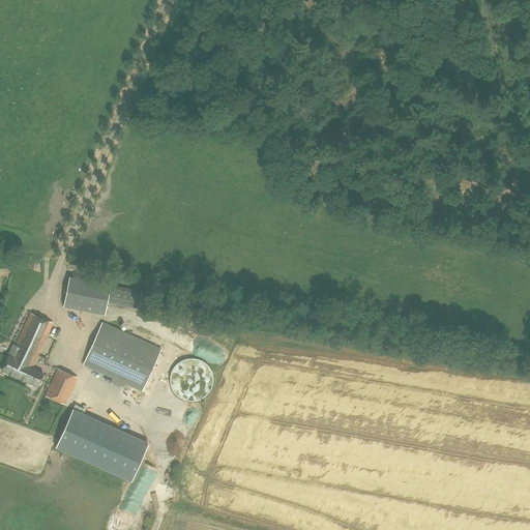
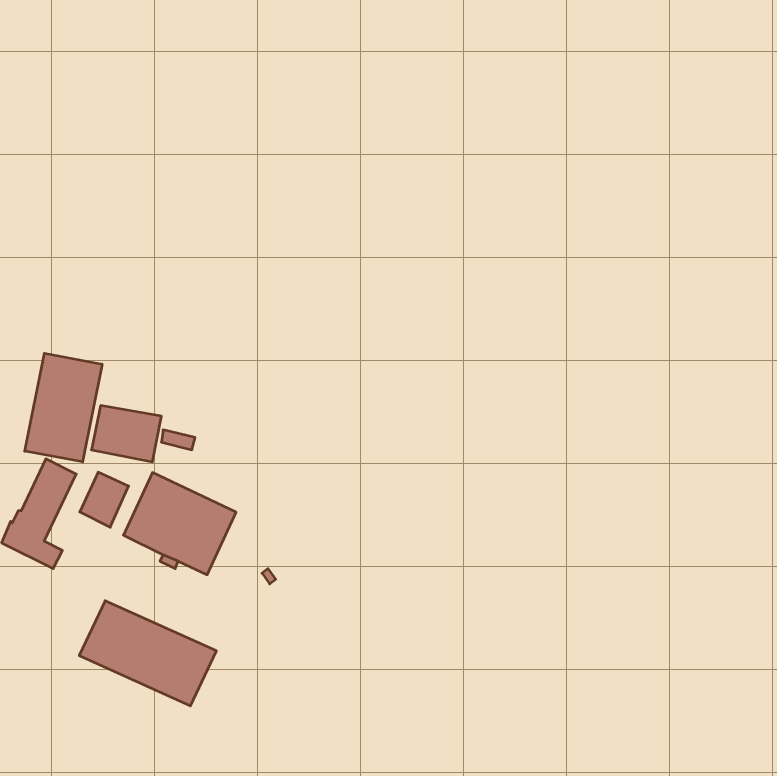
building: none -> [25,353,102,462]
building: [43,366,77,404] -> [80,472,129,527]

